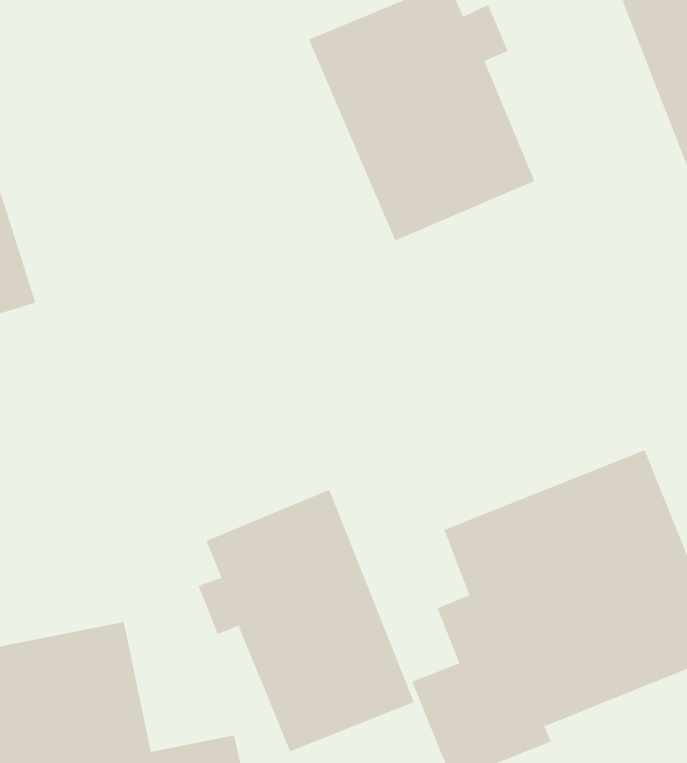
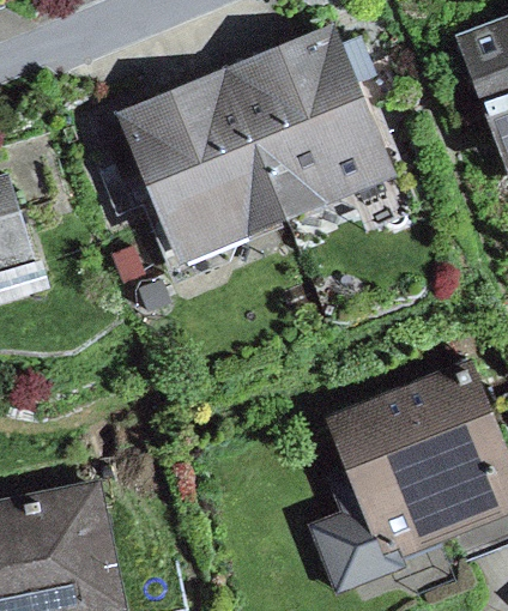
building: none -> [108,67,294,260]
building: [198,489,415,752] -> none

